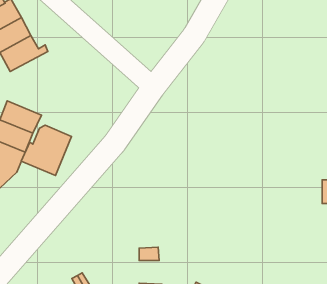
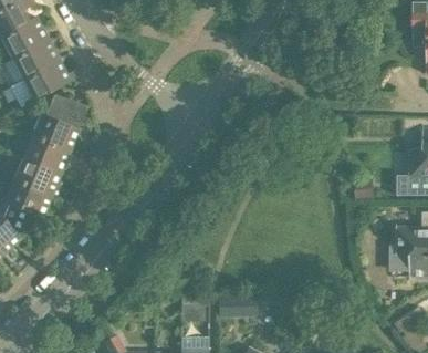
building: [21,125,72,175] -> [29,93,87,152]

